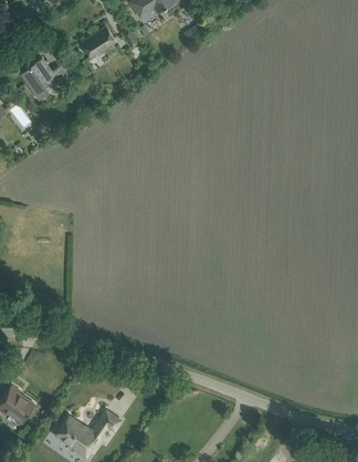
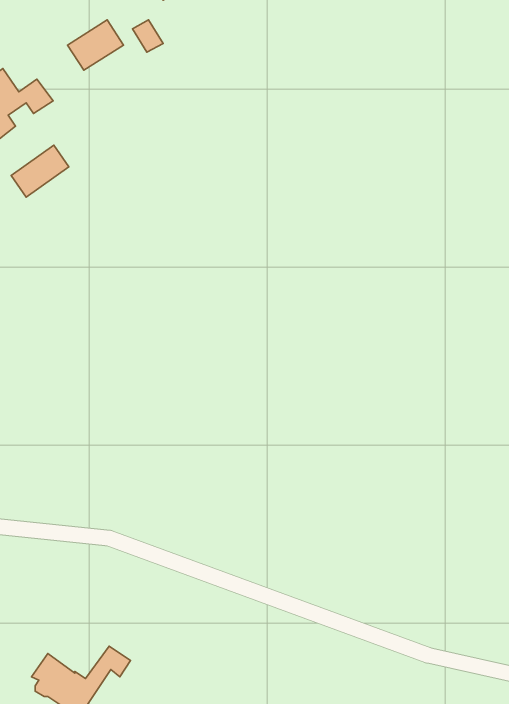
building: none -> [11,145,69,197]

